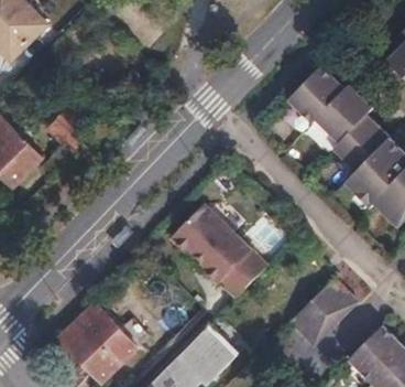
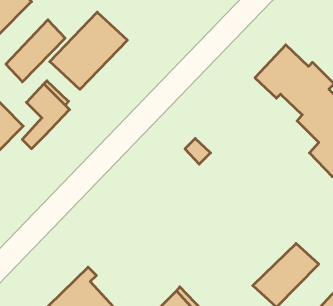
building: none -> [50,12,127,89]
building: none -> [6,20,65,82]
building: [169,196,270,295] -> none

